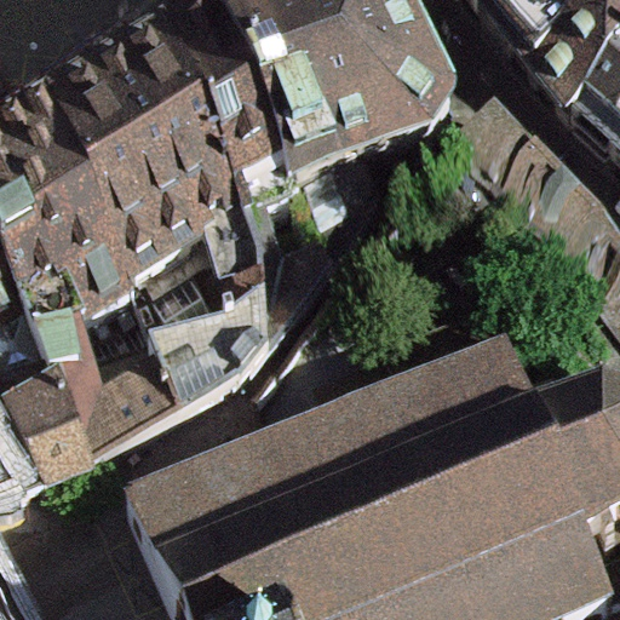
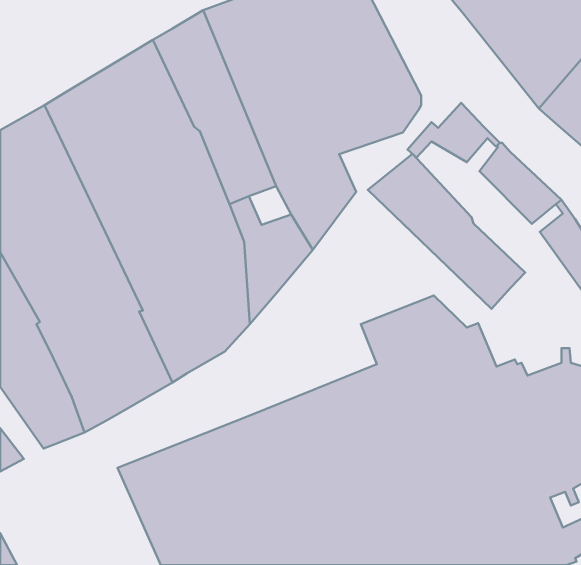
building: none -> [368,154,525,309]

